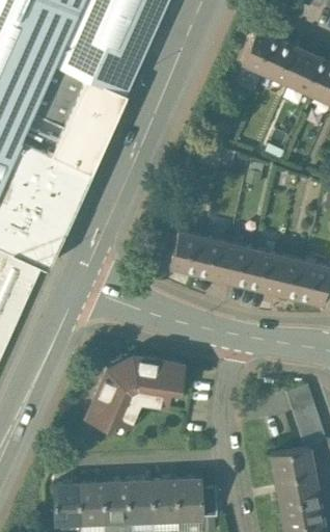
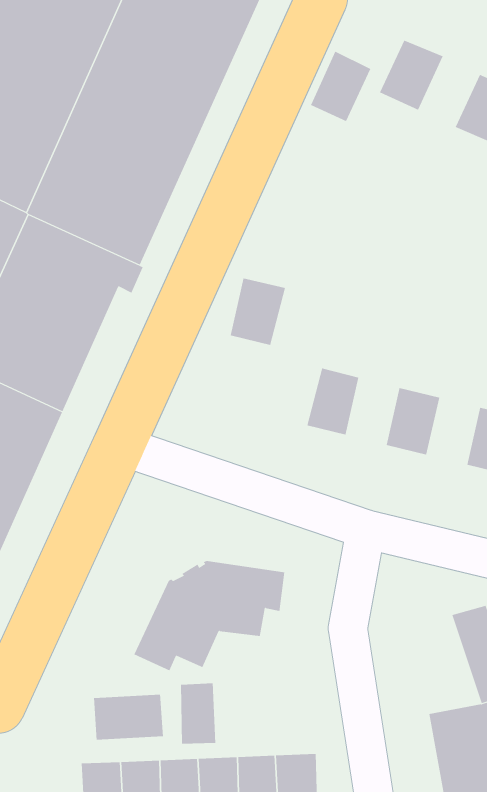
building: [267,41,305,85] -> [310,51,371,122]
building: [170,231,205,273] -> [230,278,286,345]
building: [221,243,254,286] -> none
building: [272,256,305,298] -> none
building: none -> [180,683,216,744]
building: none -> [93,694,163,740]

